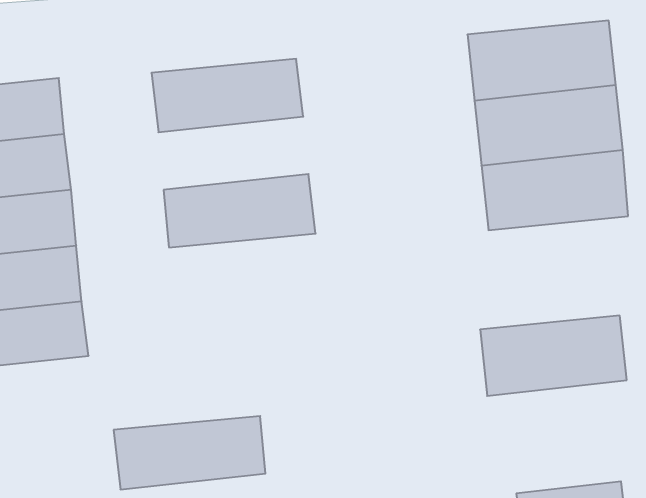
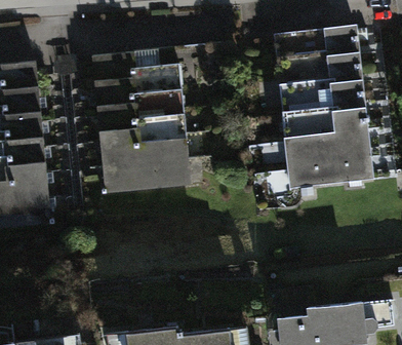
building: none -> [94,85,183,128]
building: [480,316,627,396] -> [288,144,374,191]
building: [114,416,265,489] -> [100,154,190,197]

